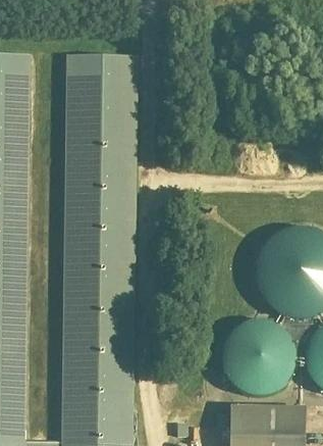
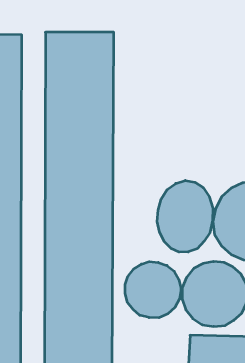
building: none -> [157,180,213,252]
building: none -> [125,262,181,318]

